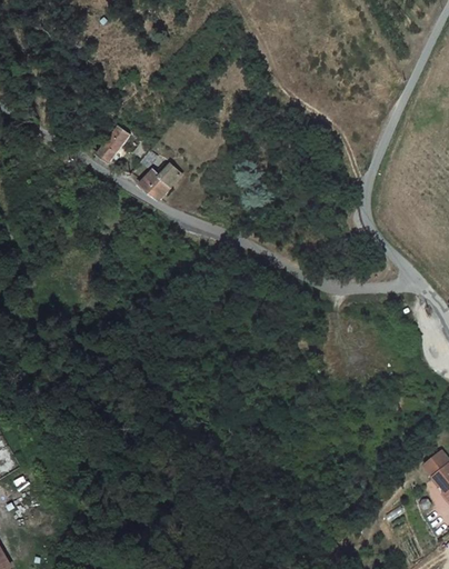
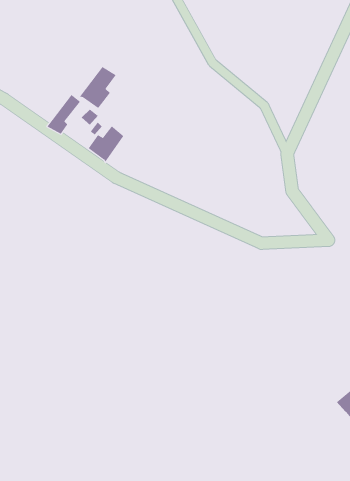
building: none -> [79,66,117,109]

